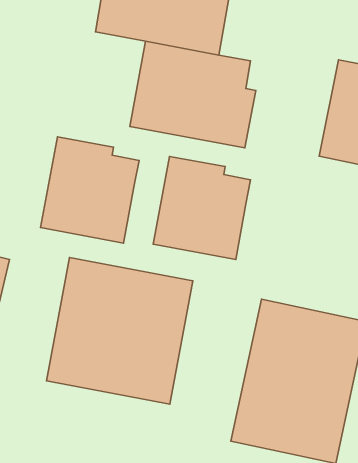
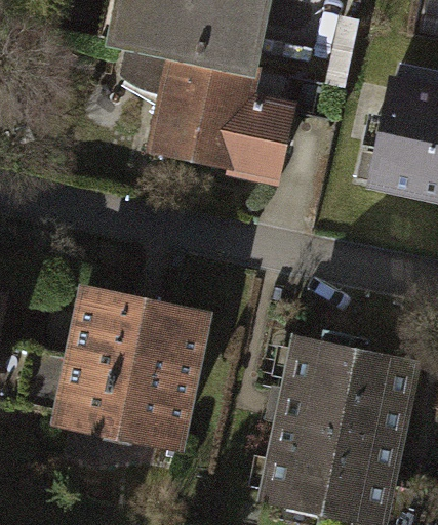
building: [41,137,139,243] -> none
building: [153,157,250,260] -> none

